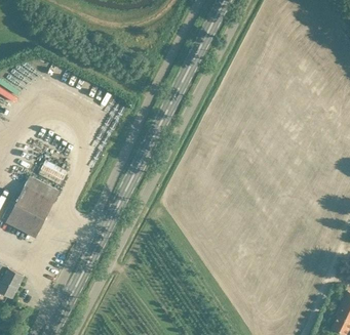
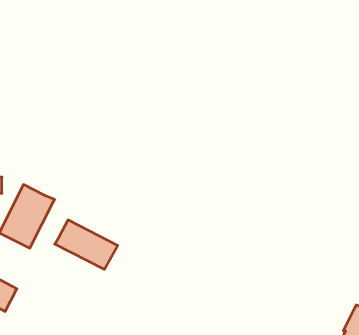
building: none -> [55,220,118,269]

